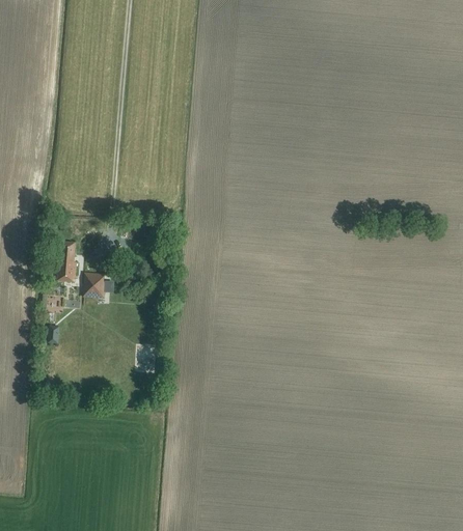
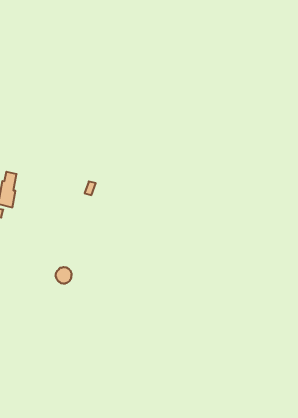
building: [84,274,106,299] -> none

